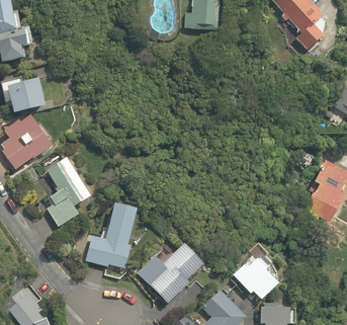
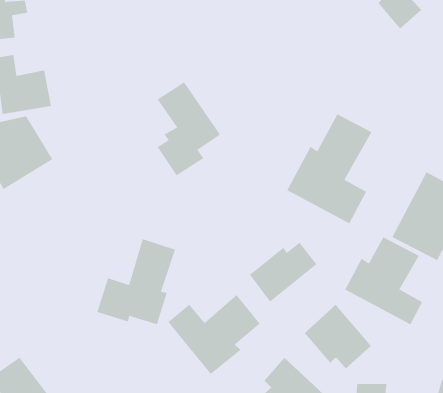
building: none -> [287,114,372,224]
building: [47,159,93,228] -> [157,82,221,176]
building: none -> [344,236,423,325]
building: none -> [249,242,317,303]

